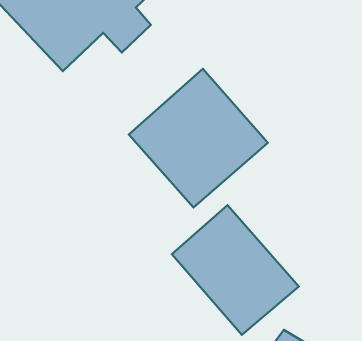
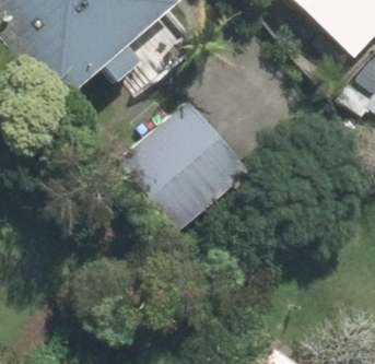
building: [172,205,299,335] -> none

